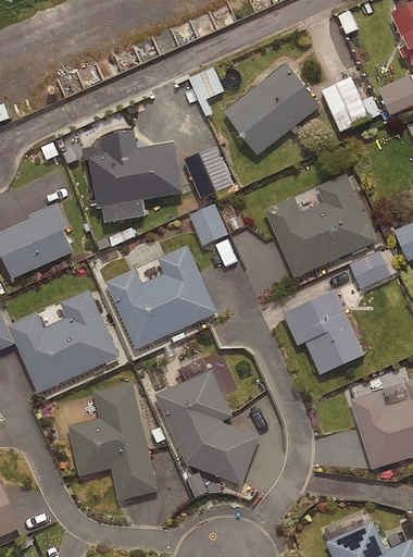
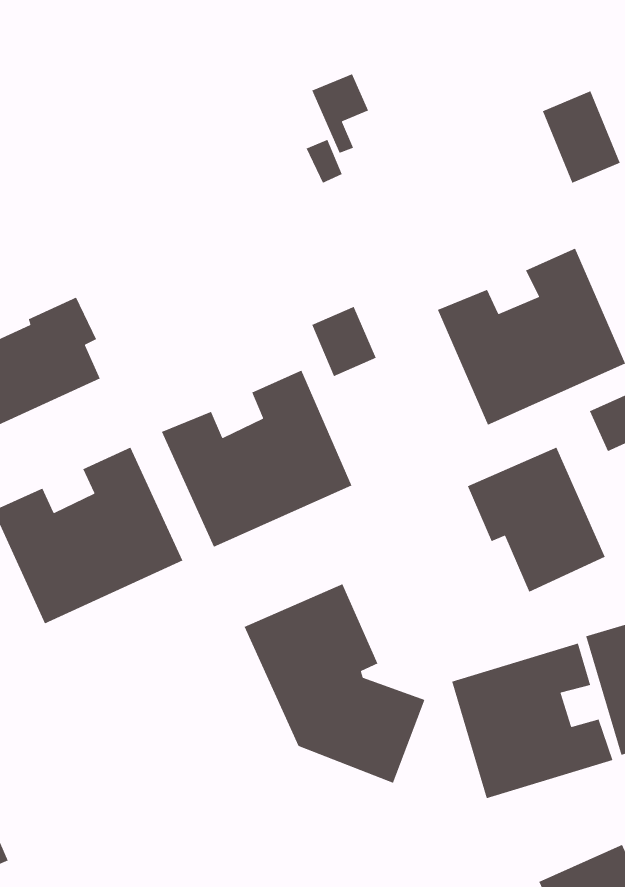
building: [223,62,321,156] -> none
building: [88,129,184,222] -> none
building: [67,382,158,499] -> none
building: none -> [451,643,613,799]

